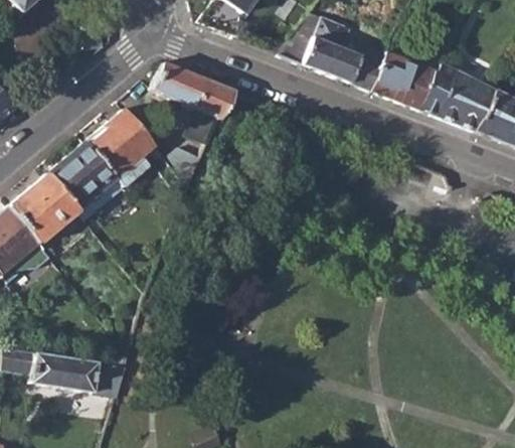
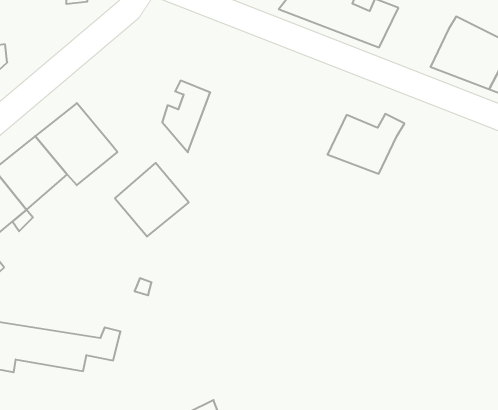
building: [372,51,445,108] -> [327,114,404,174]
building: [152,63,235,119] -> none
building: [88,109,157,178] -> [115,163,189,237]

